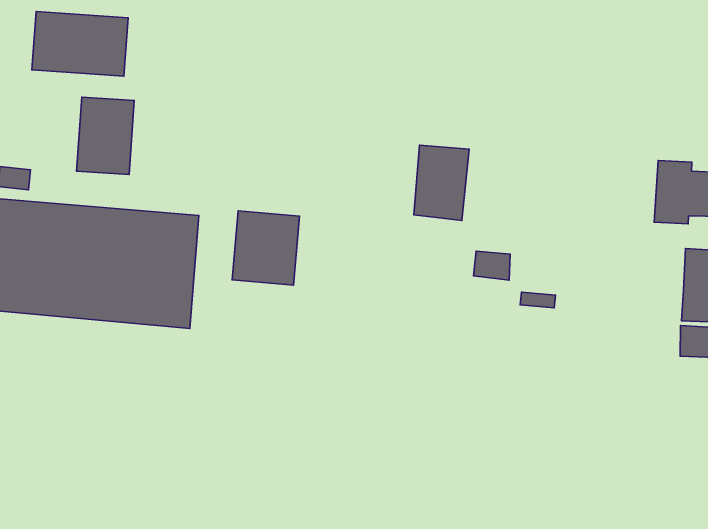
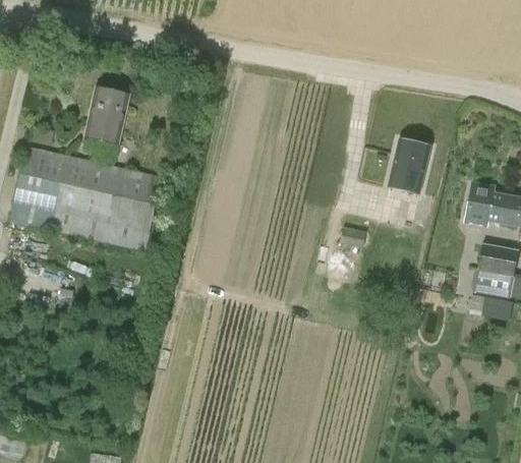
building: [32,11,128,76] -> none
building: [414,145,469,220] -> [388,138,430,192]
building: [232,211,300,285] -> none

